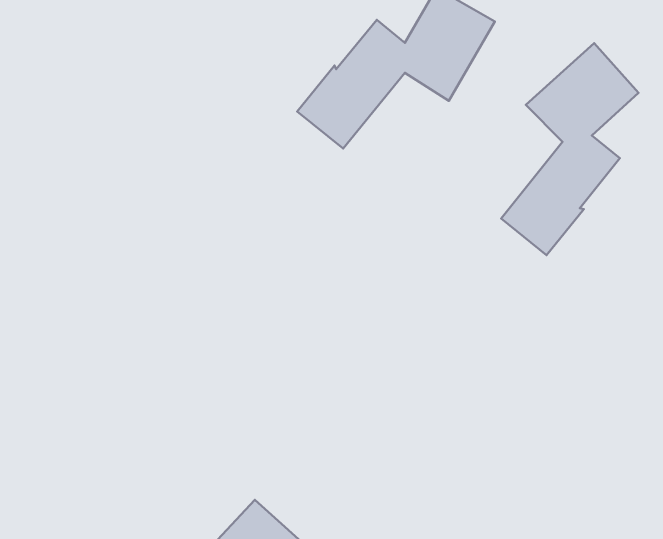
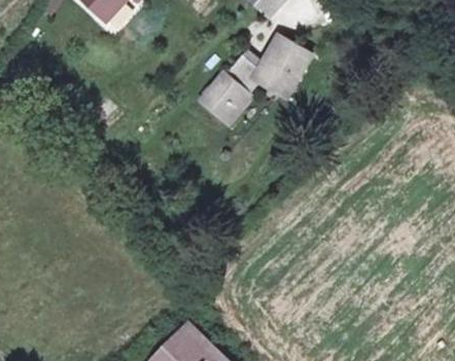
building: [501,43,639,255] -> none

